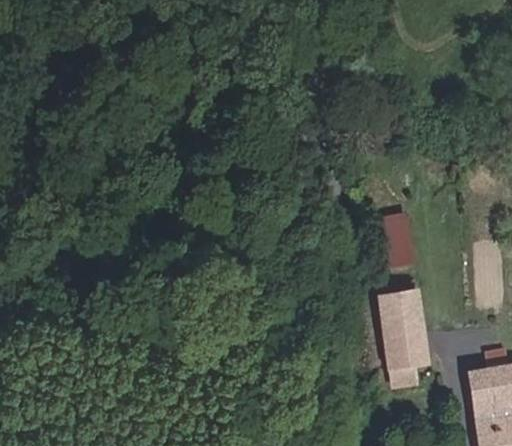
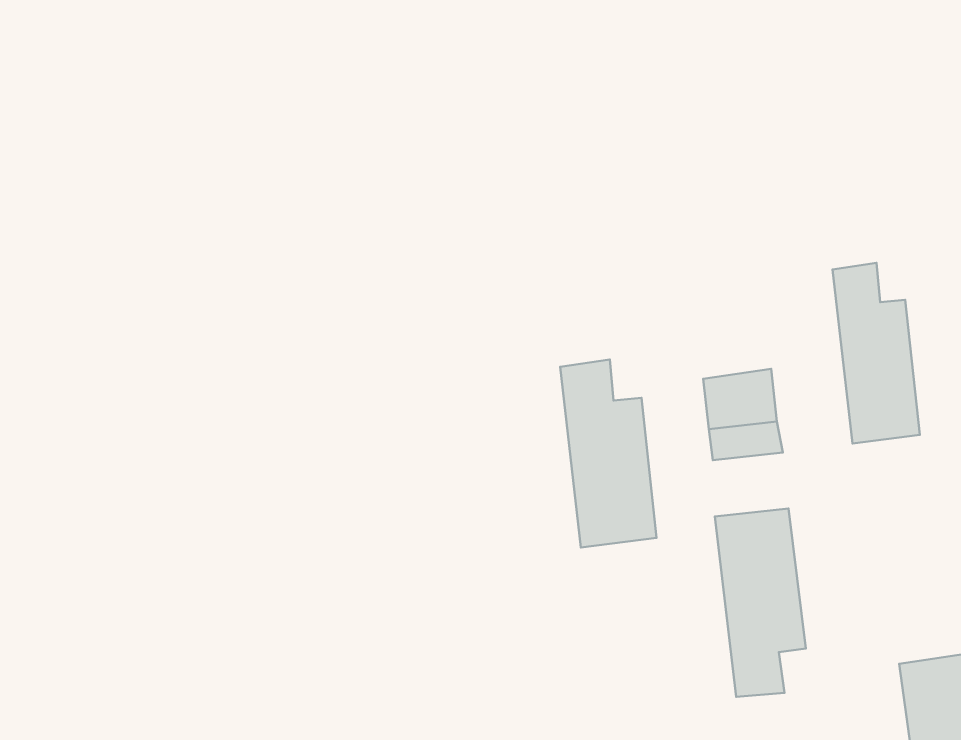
building: none -> [832,263,920,444]
building: none -> [560,359,657,547]

